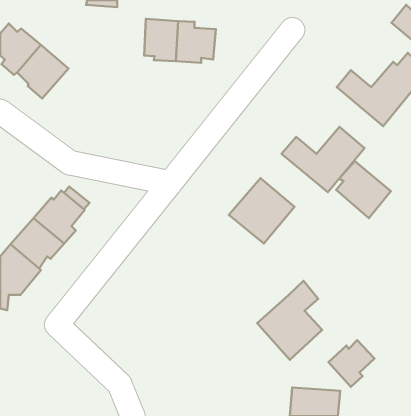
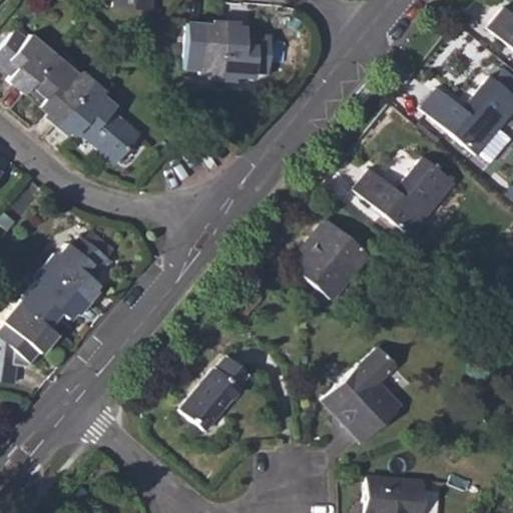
building: none -> [58,84,141,162]
building: [336,161,391,218] -> none
building: none -> [178,356,249,432]
building: [328,340,375,387] -> none

